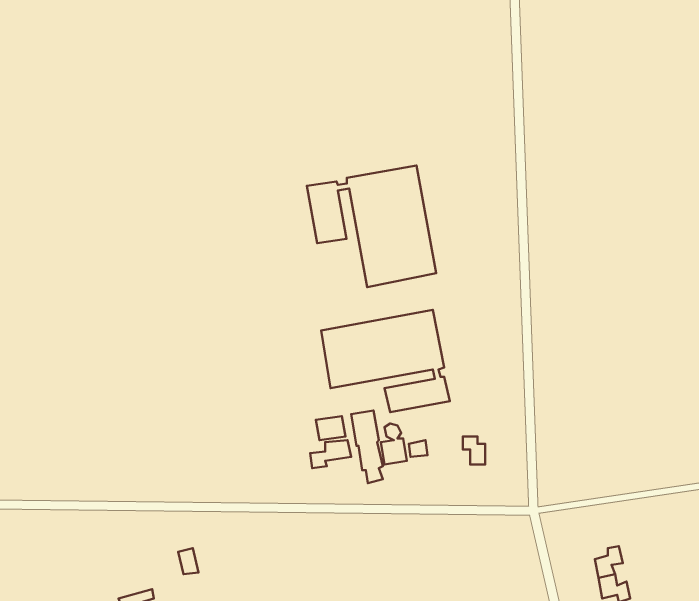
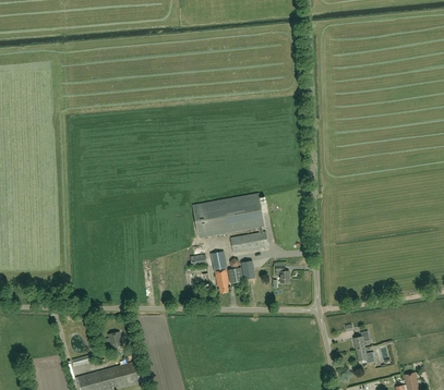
building: [307,166,436,287] -> none

